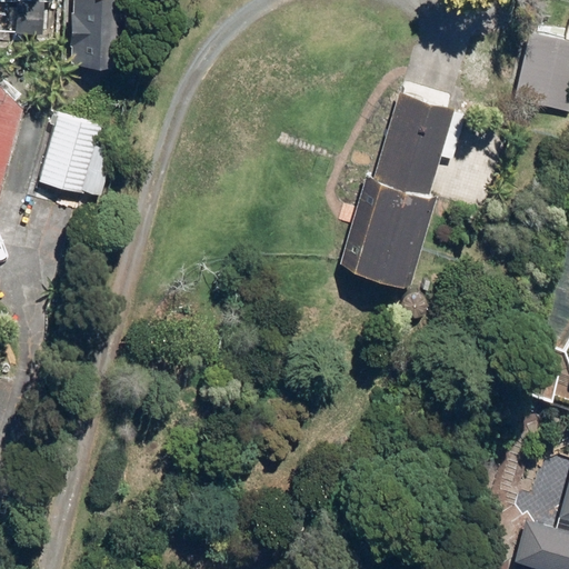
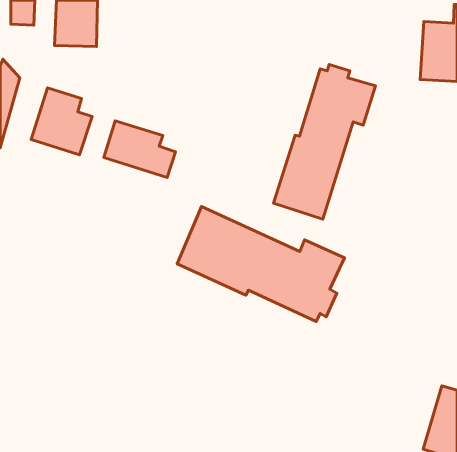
building: none -> [104,121,175,178]
building: none -> [177,206,344,322]

